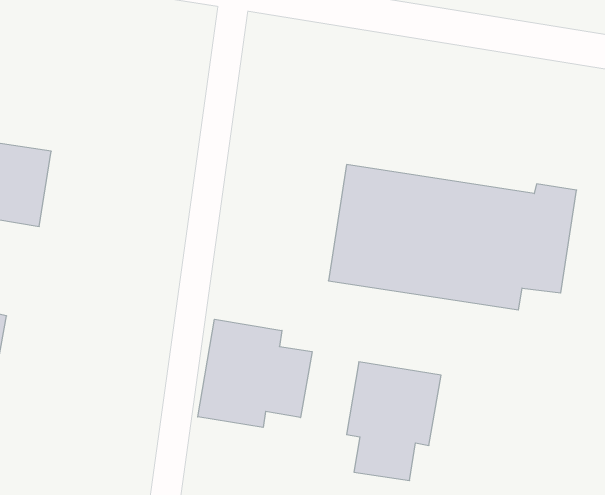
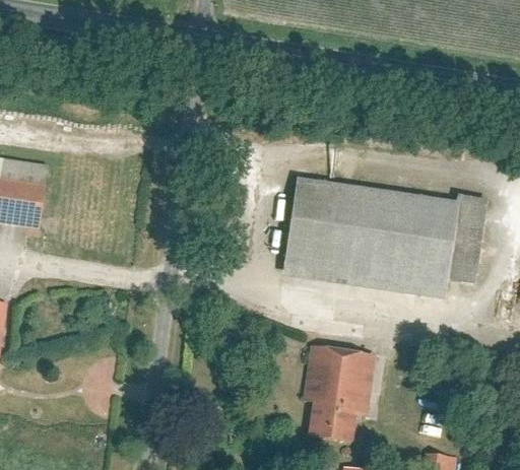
building: [198,319,312,427] -> none

